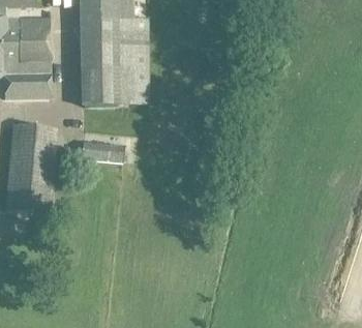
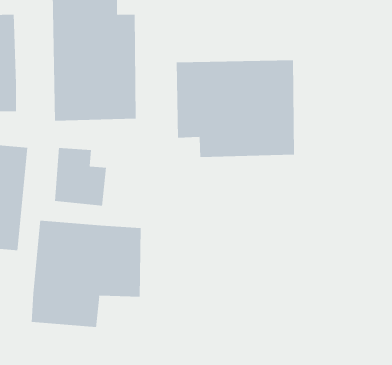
building: none -> [176,60,295,158]
building: none -> [31,220,141,328]

